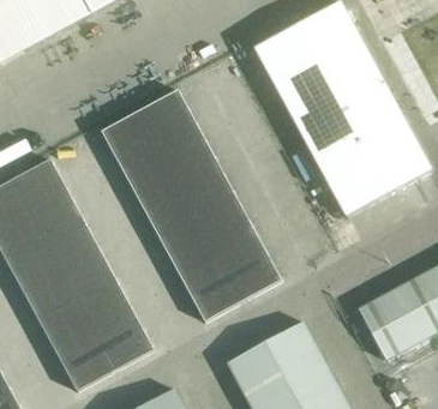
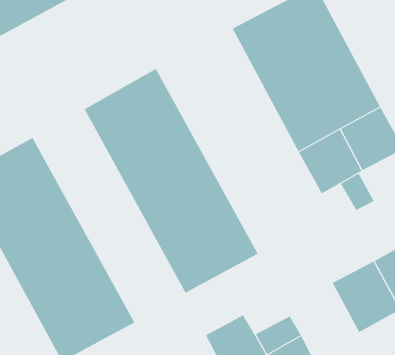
building: none -> [340,173,375,211]
building: [265,320,313,361] -> none

